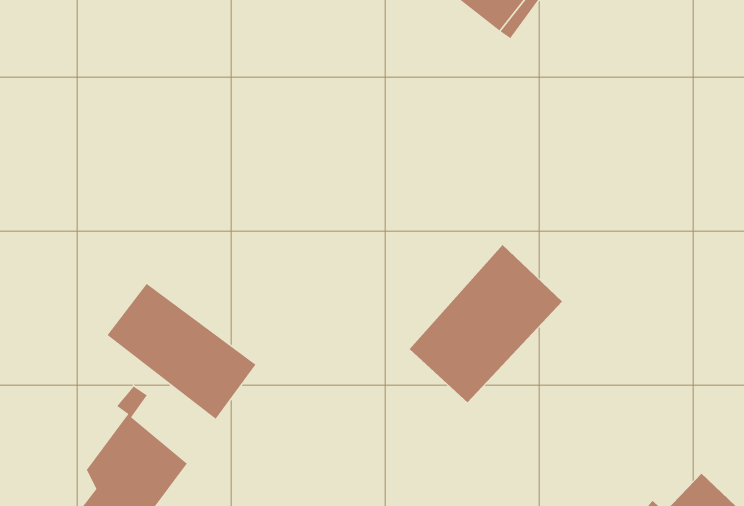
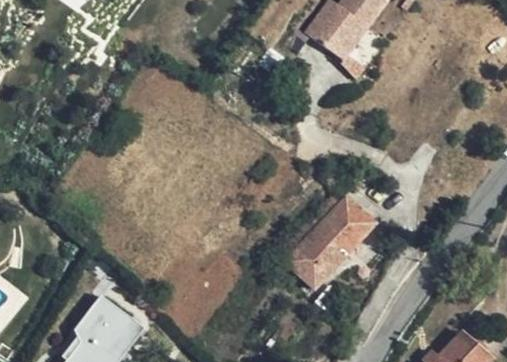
building: [107,283,256,420] -> none

